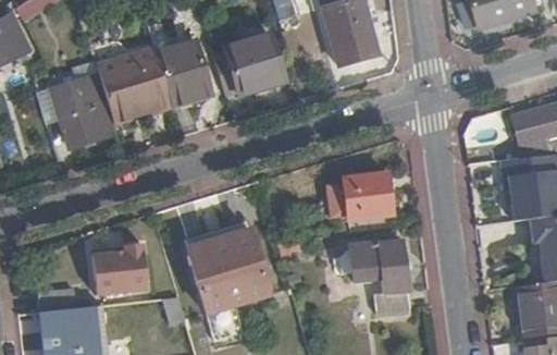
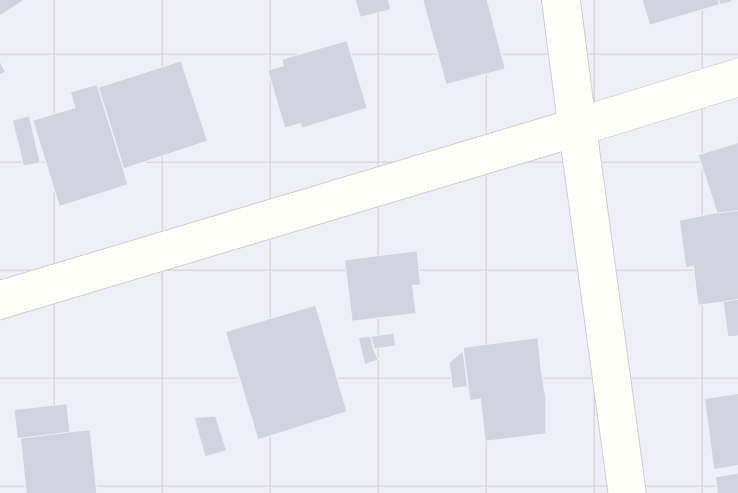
building: [156,41,209,105] -> none
building: [342,171,395,220] -> [344,251,421,321]
building: [91,244,147,293] -> none

